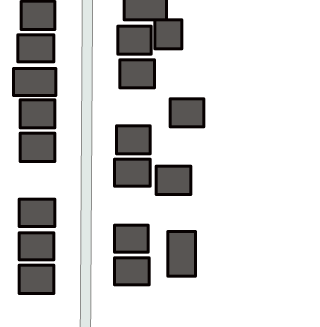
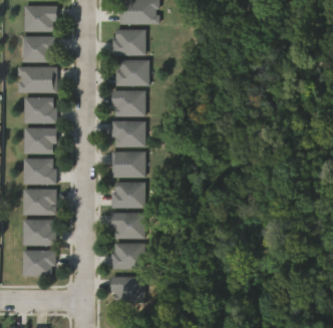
building: [155,20,182,49] -> none
building: [170,99,204,127] -> [113,90,144,116]
building: [156,166,191,194] -> [111,182,143,208]
building: none -> [23,158,56,184]
building: [168,232,195,276] -> none
building: none -> [110,276,141,301]

